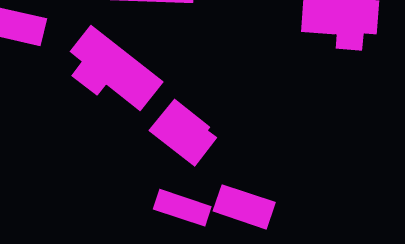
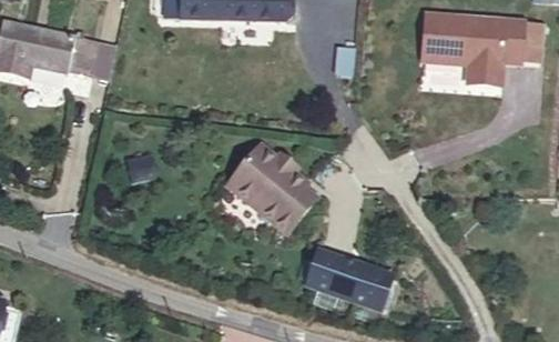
building: [69,24,165,112] -> none
building: [152,188,213,227] -> none

